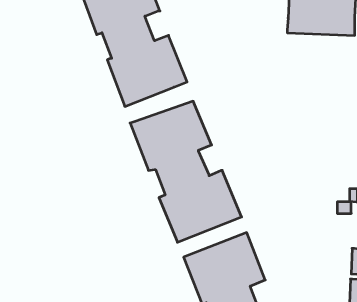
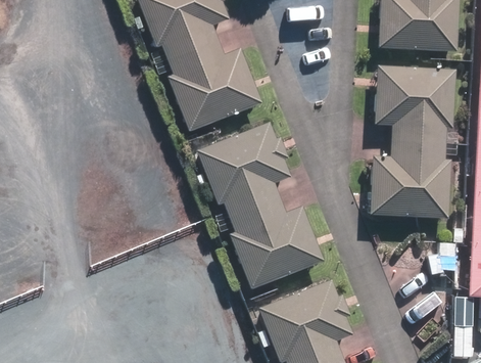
building: none -> [369,64,454,216]

